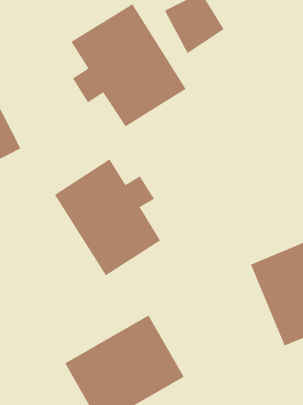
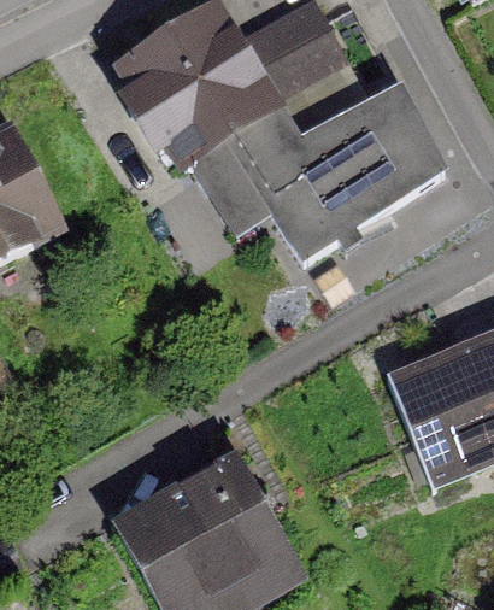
building: none -> [240,88,445,270]
building: [54,159,161,276] -> none

